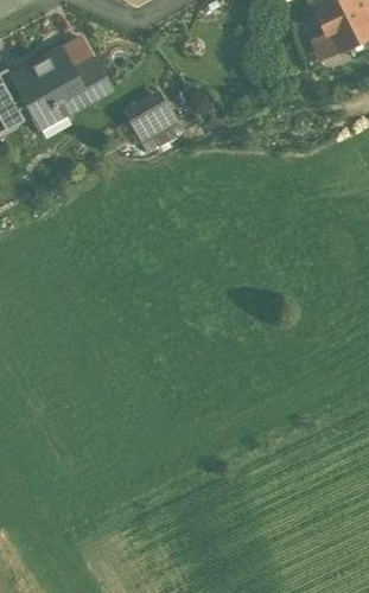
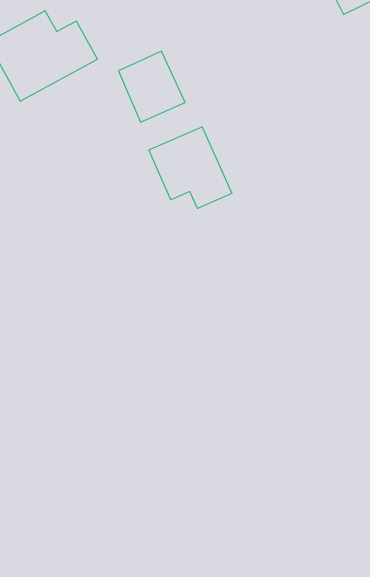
building: none -> [149,127,232,208]

